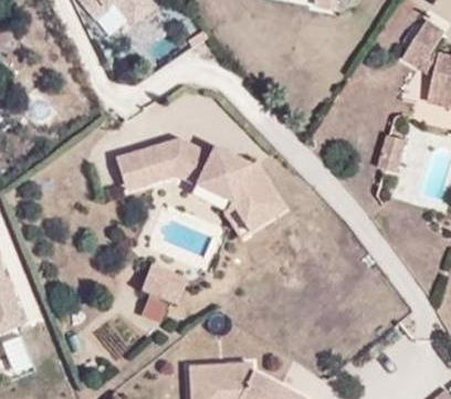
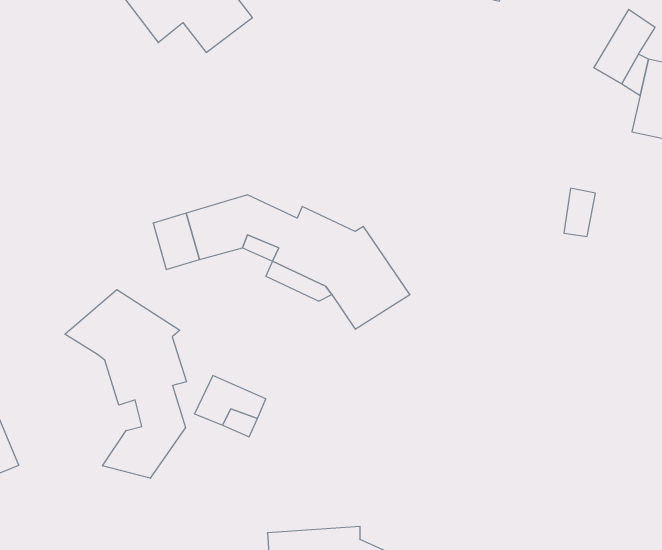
building: none -> [65,290,186,478]

